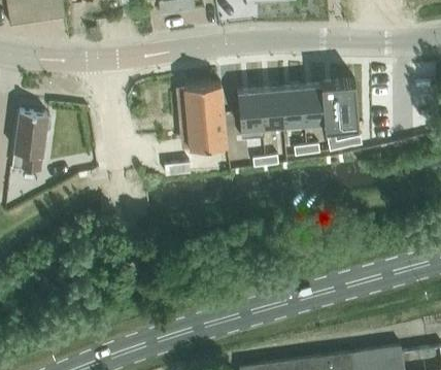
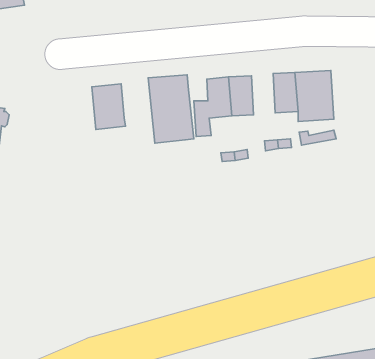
building: [281,83,304,123] -> none
building: none -> [92,84,126,129]

